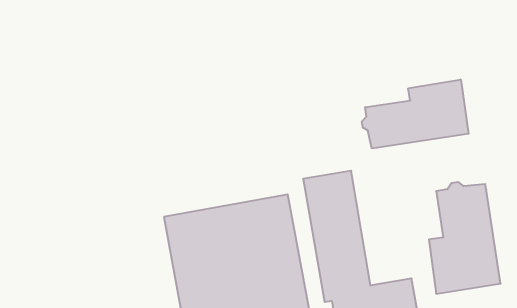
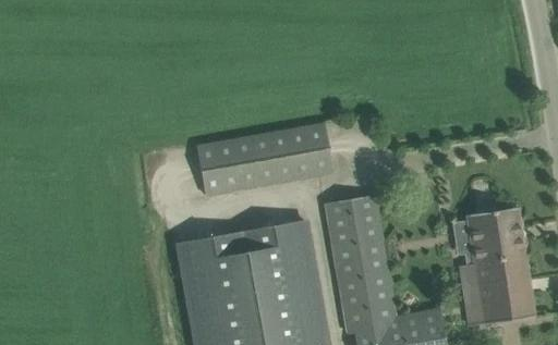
building: [362,79,469,148] -> none
building: none -> [195,123,332,196]

